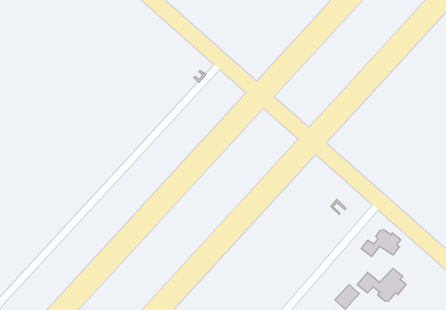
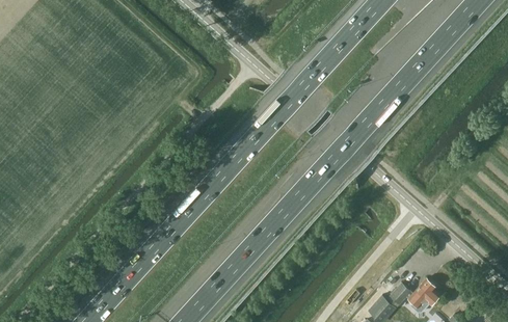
building: [361,230,401,257] -> none

